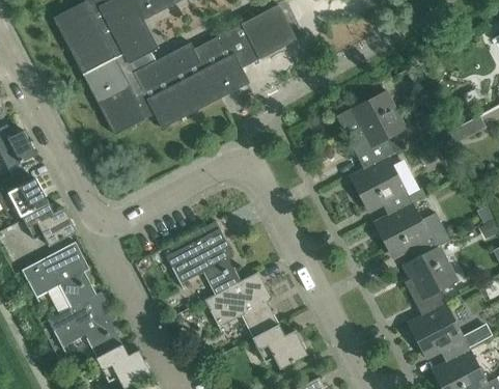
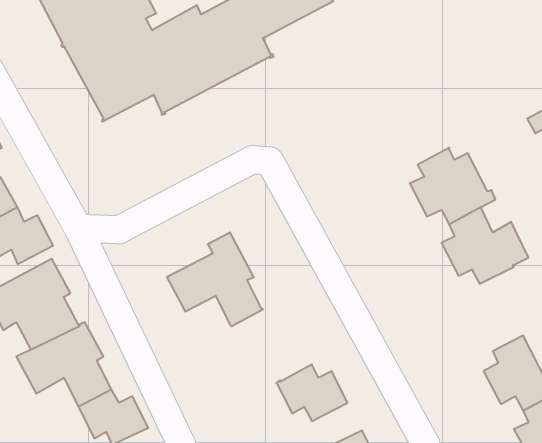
building: [336,87,404,168] -> none
building: [404,248,455,314] -> none
building: [204,272,279,338] -> none

